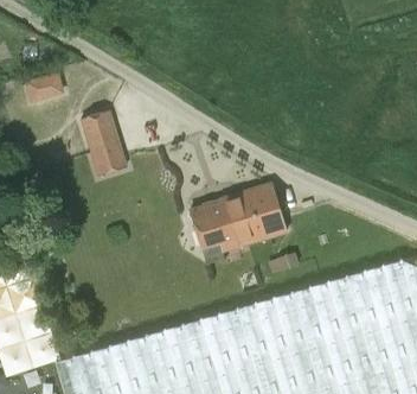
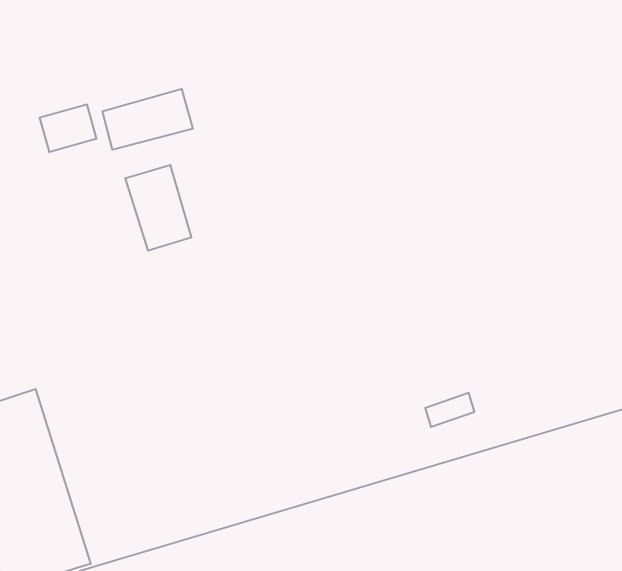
building: none -> [102,89,193,150]
building: [188,183,286,252] -> none

